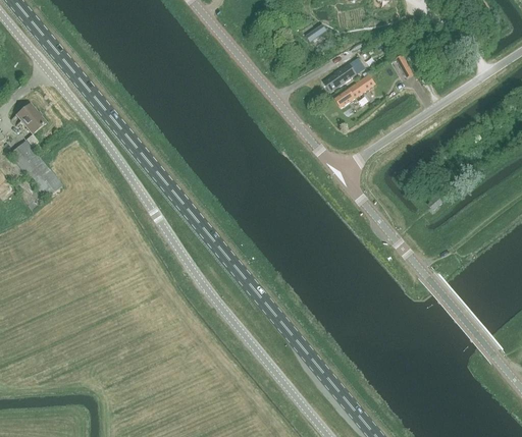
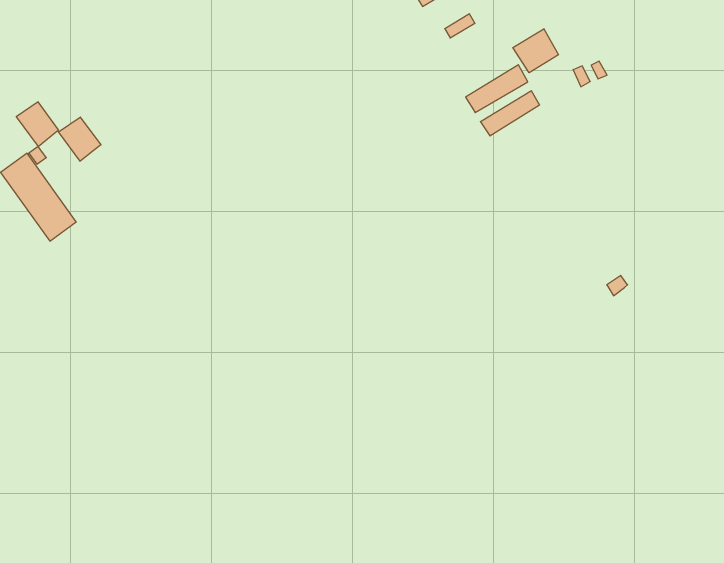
building: none -> [513,29,558,73]
building: none -> [58,117,101,161]

